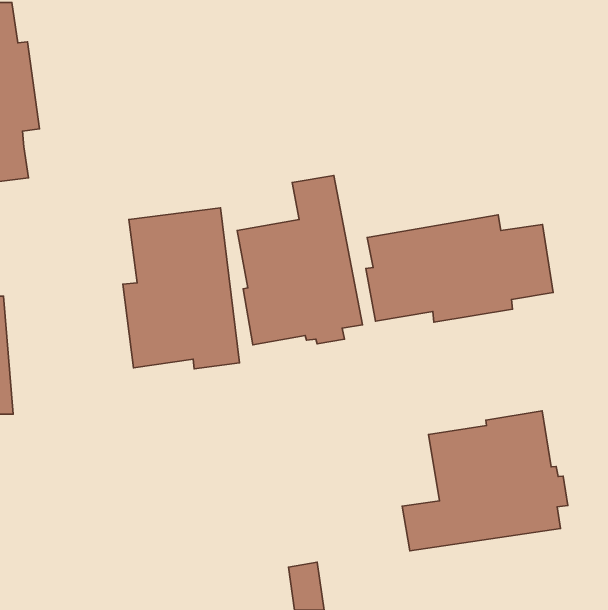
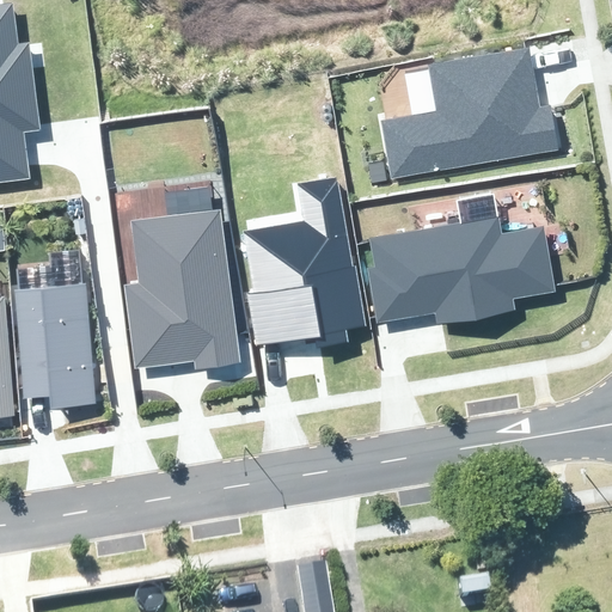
building: none -> [380,47,558,178]
building: none -> [12,282,96,409]
building: [402,411,568,551] -> none

